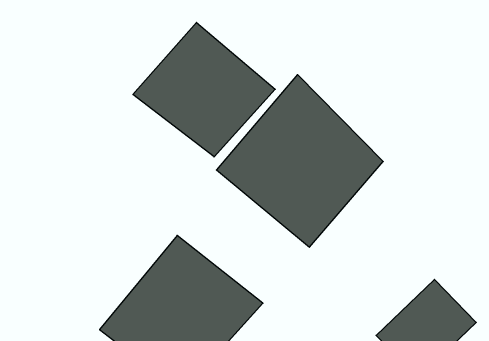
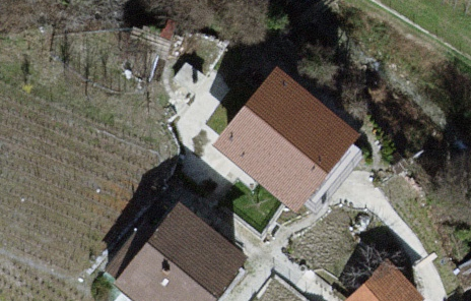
building: [133,22,275,157] -> none

